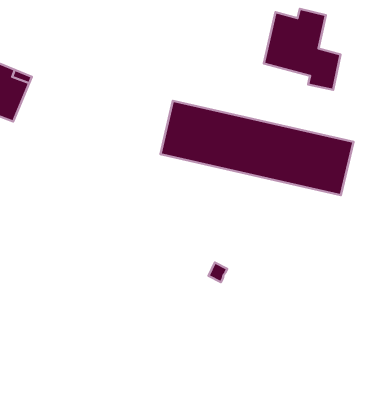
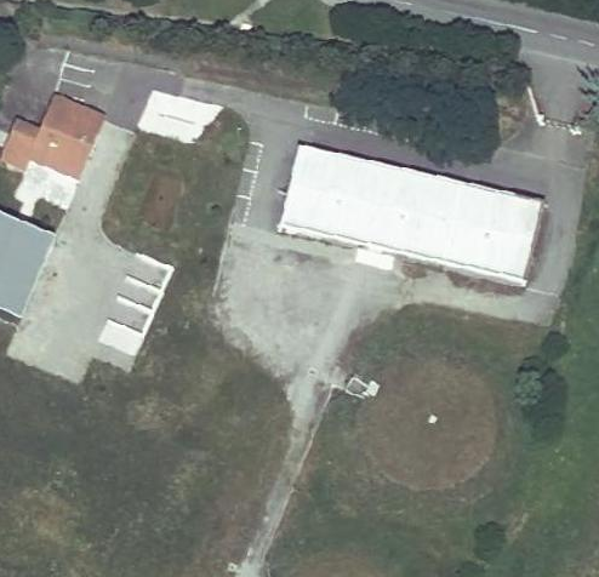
building: [264,9,340,90] -> none

